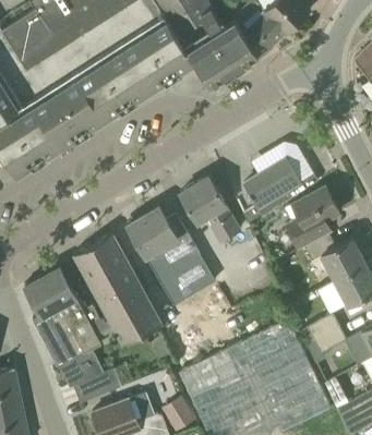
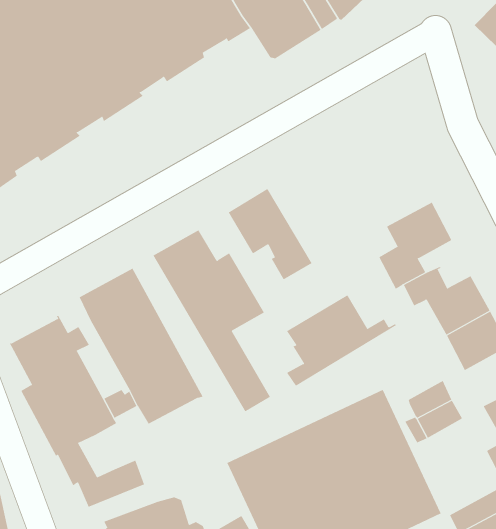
building: [242,157,321,222] -> [286,294,397,387]

